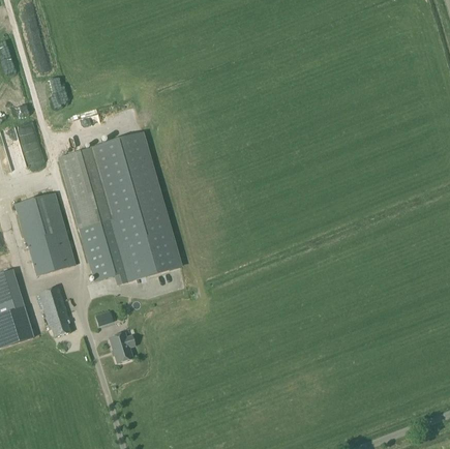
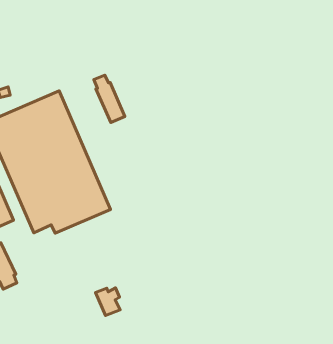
building: none -> [94,75,125,123]
building: [110,333,134,362] -> [96,288,120,315]

